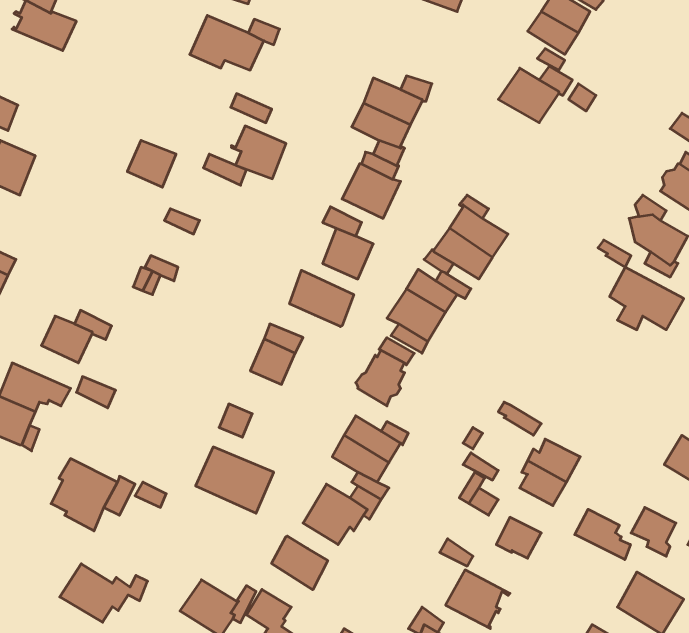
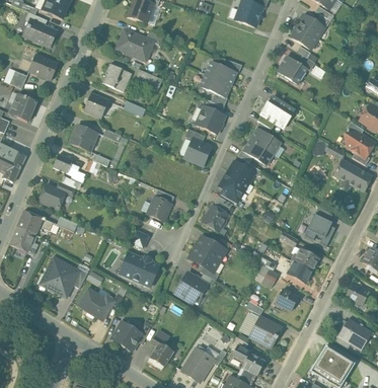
building: none -> [28,54,58,80]
building: [231,126,286,179] -> [102,64,131,91]
building: none -> [261,95,294,127]
building: none -> [69,124,95,150]
building: none -> [53,153,85,182]
building: [290,270,354,327] -> none
building: none -> [303,206,335,246]
building: [575,509,630,560] -> none
building: [272,536,328,590] -> none
building: [60,564,148,622] -> [77,288,123,318]

